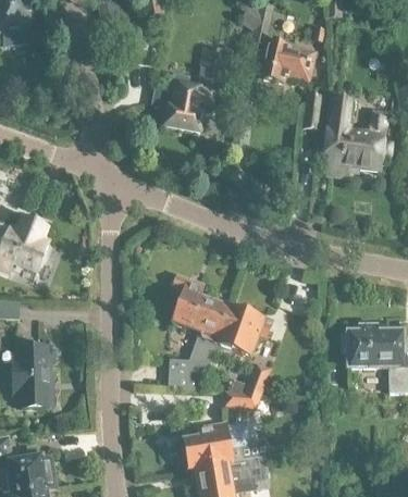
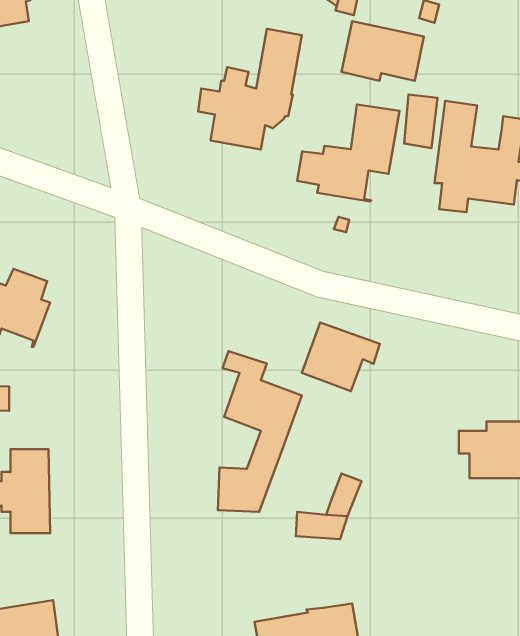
building: none -> [297,104,399,202]
building: [215,307,271,356] -> [302,322,380,391]
building: [184,421,250,469] -> none

